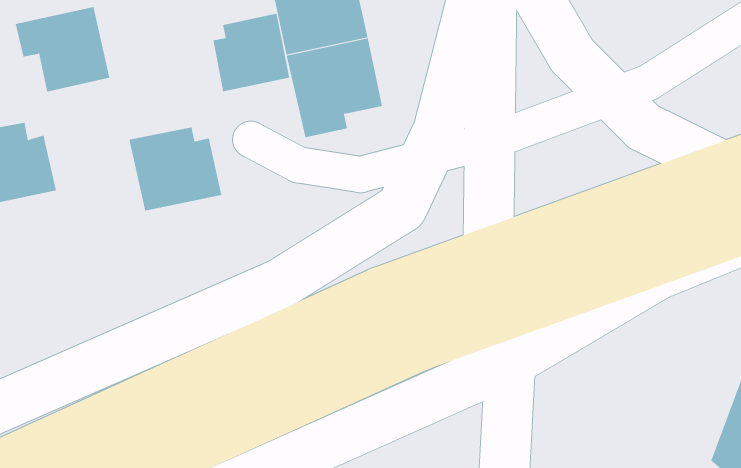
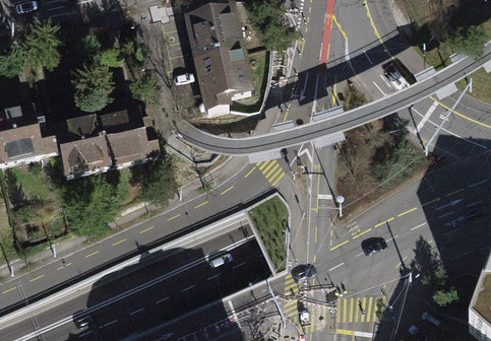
building: [15,6,110,92] -> [43,117,104,172]
building: [213,13,290,92] -> none

